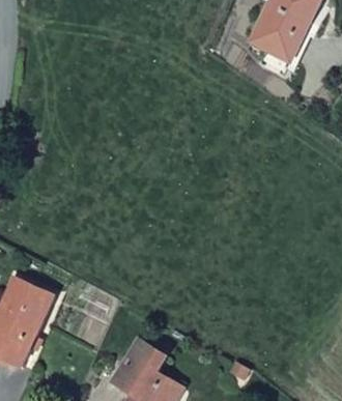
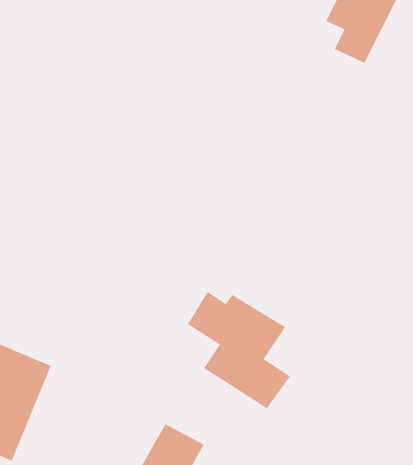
building: none -> [187,291,291,409]

